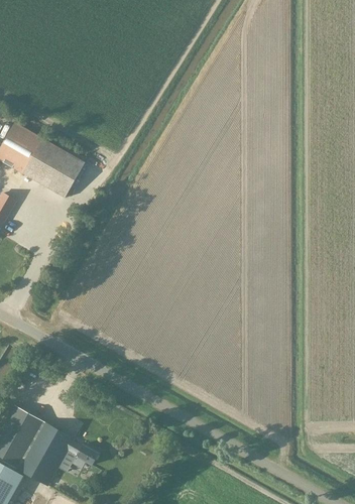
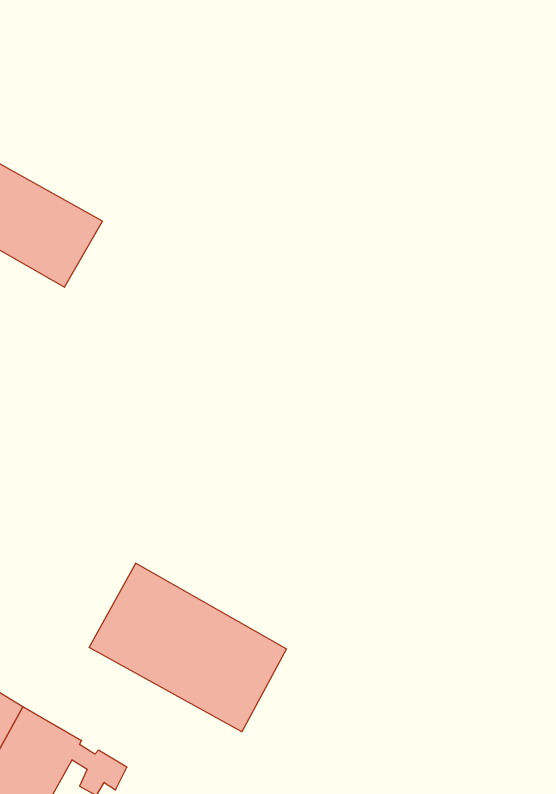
building: none -> [89,563,286,732]

